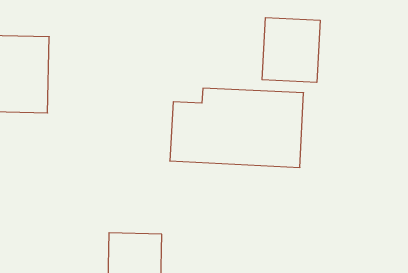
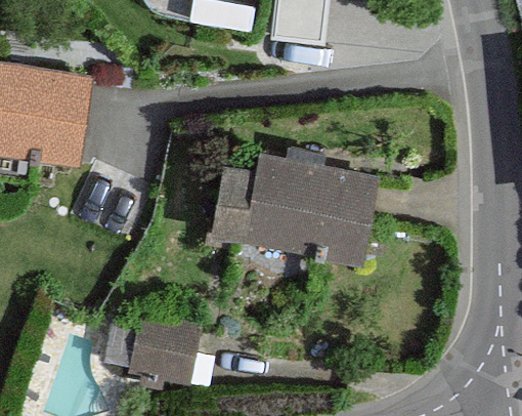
building: [262,18,320,82] -> none

